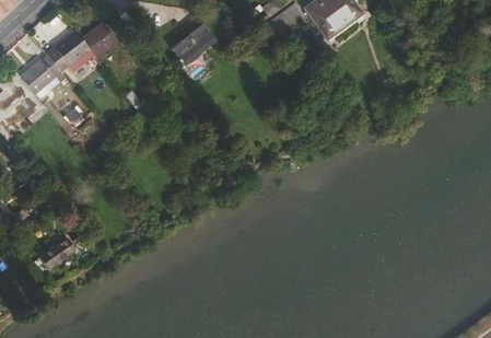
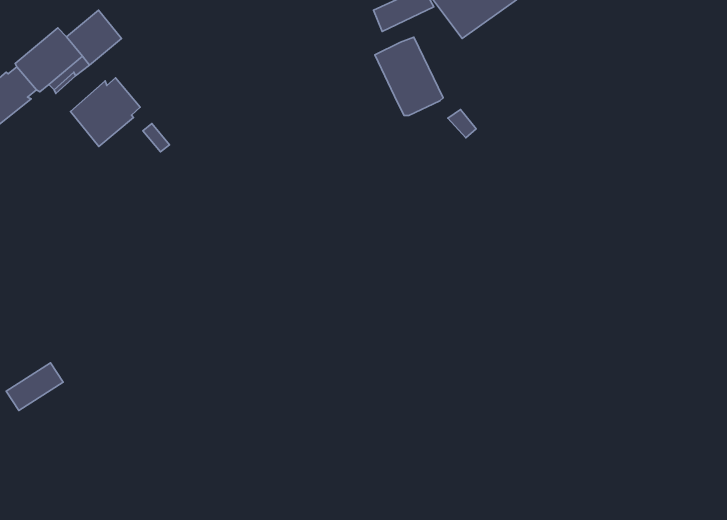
building: [172,23,217,71] -> none
building: none -> [375,37,443,116]
building: none -> [71,78,140,146]

